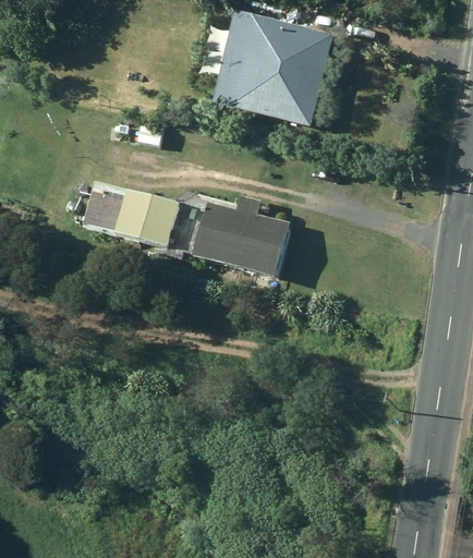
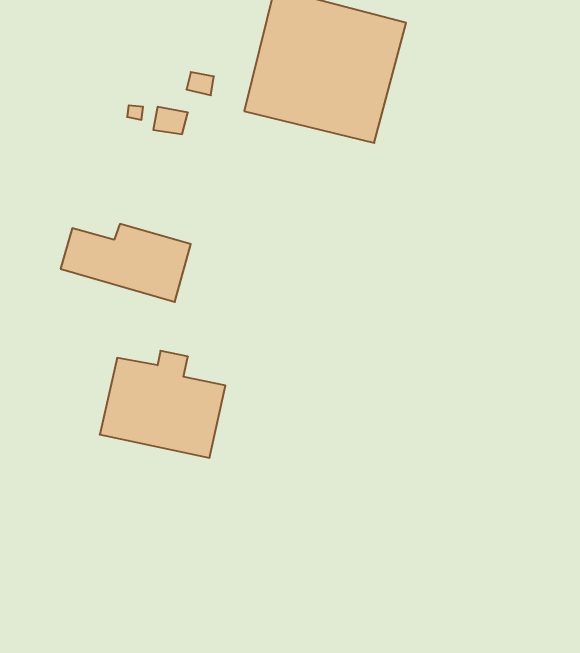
building: [192,201,287,281] -> [100,351,225,458]

